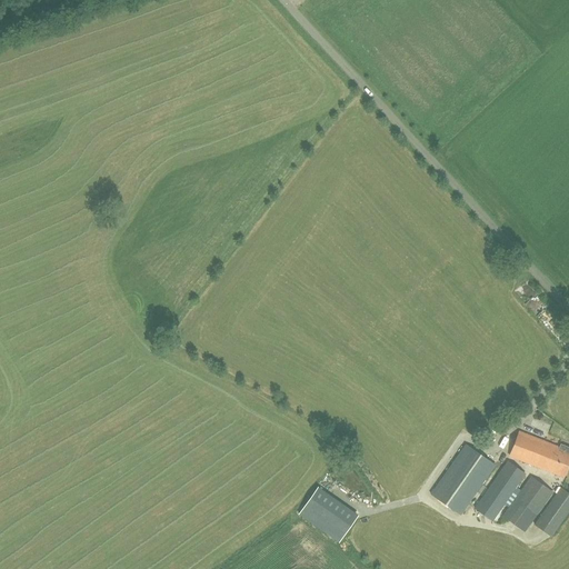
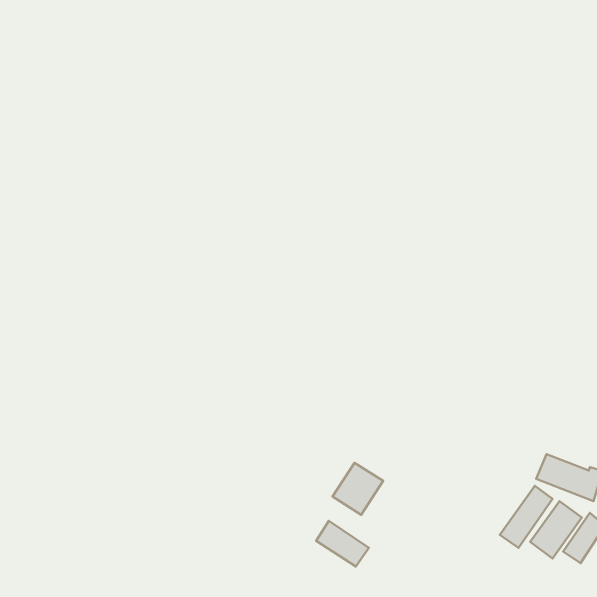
building: none -> [332,463,383,515]
building: [431,443,496,513] -> none

